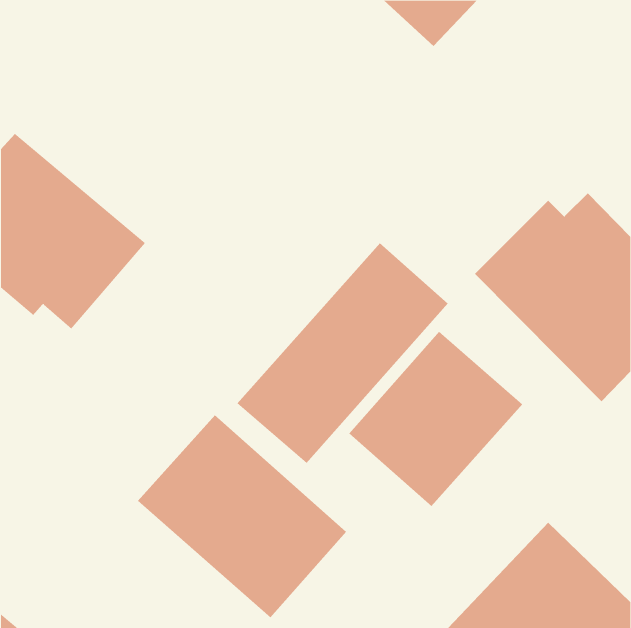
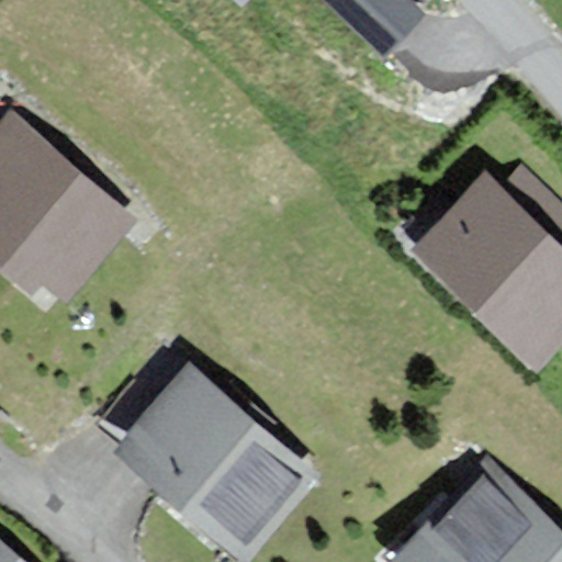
building: [237,243,449,464] -> none
building: [348,331,523,507] -> none

